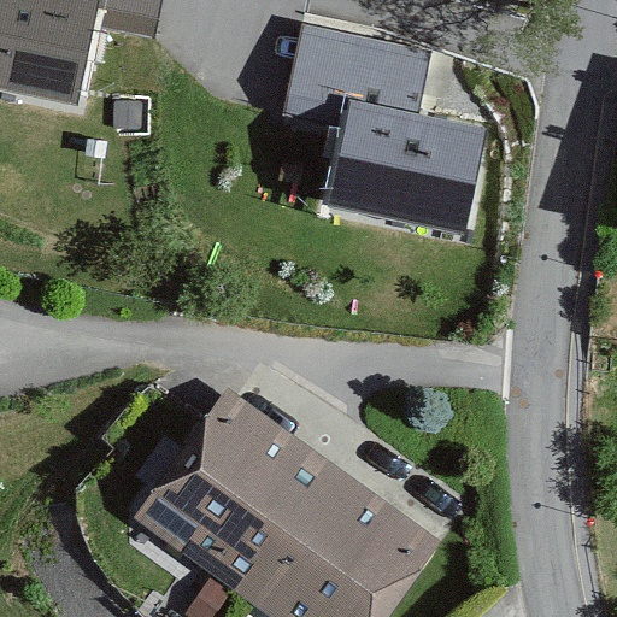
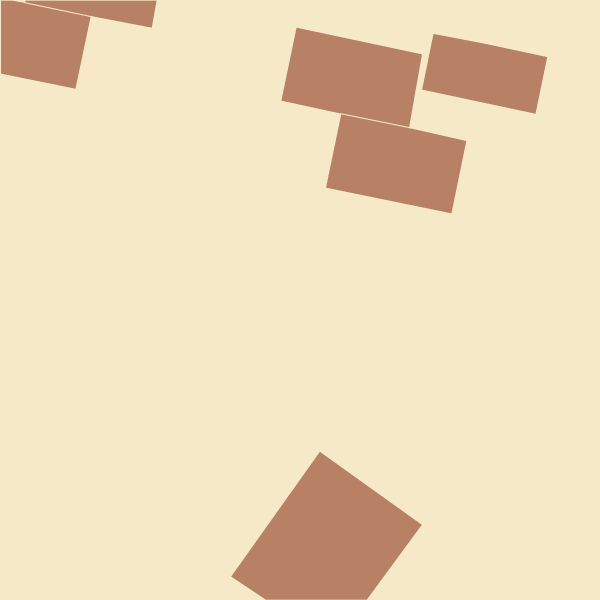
building: none -> [421,33,548,114]
building: [125,384,328,592] -> none

